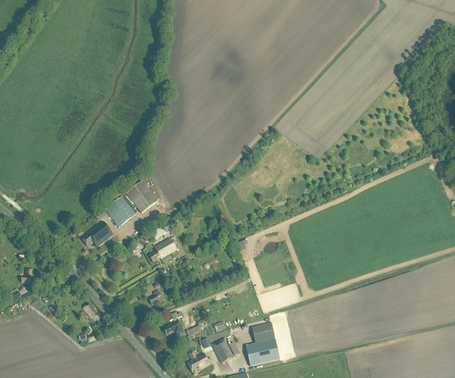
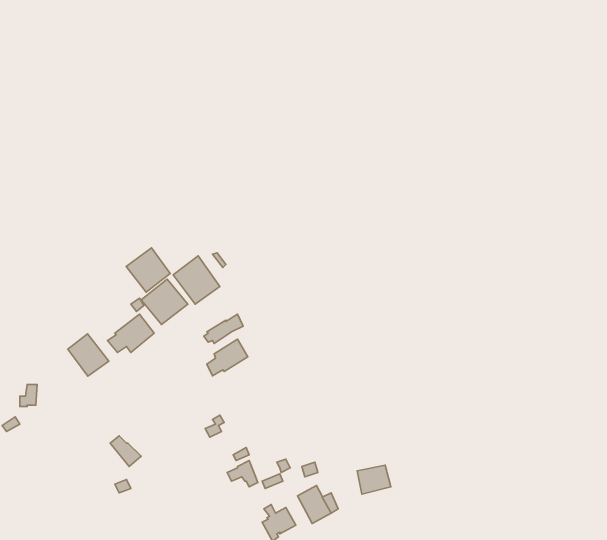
building: none -> [126,248,170,292]
building: none -> [68,334,109,376]
building: [246,339,280,366] -> none

